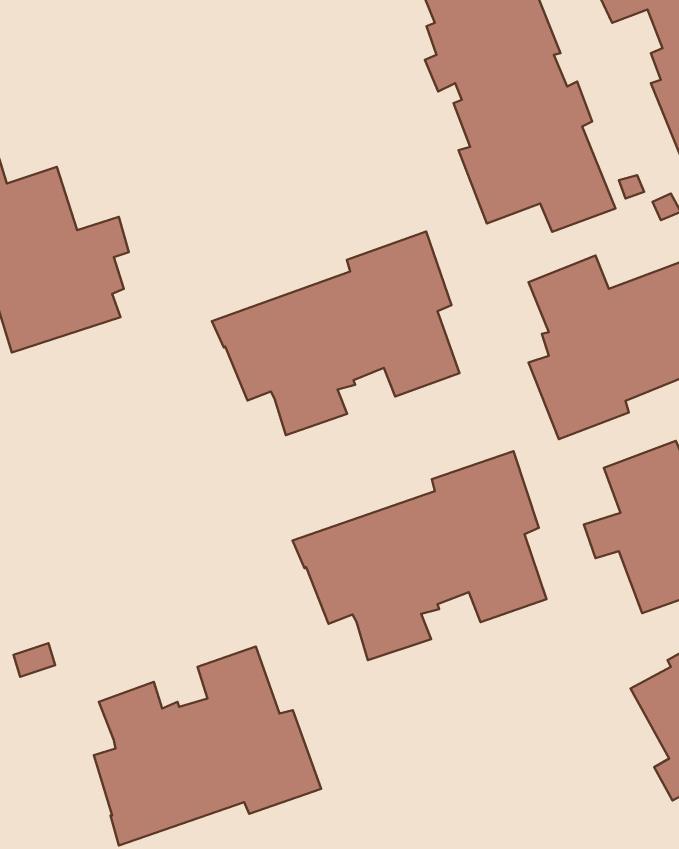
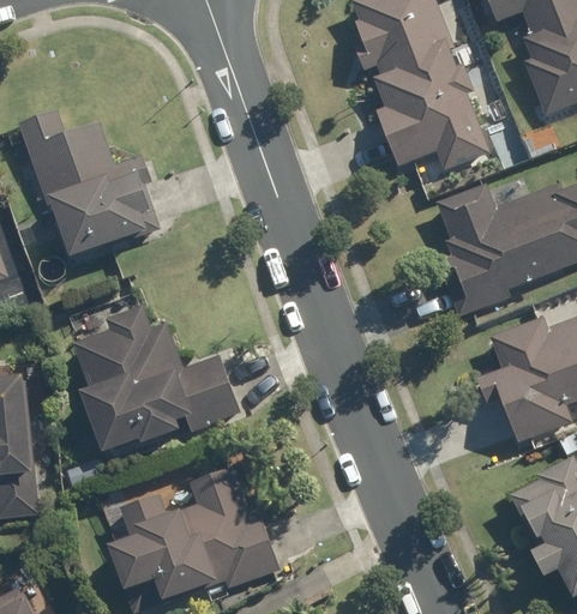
building: [212,232,460,435] -> none
building: none -> [71,305,239,451]
building: [293,451,547,660] -> none

